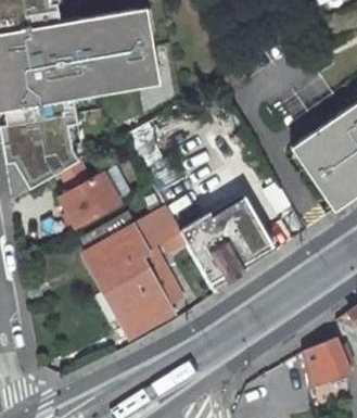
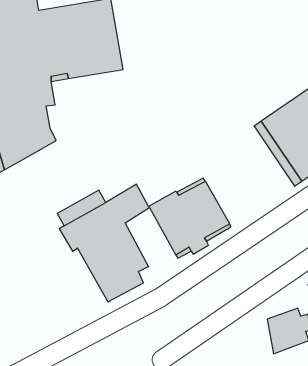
building: [61,162,120,229] -> none

